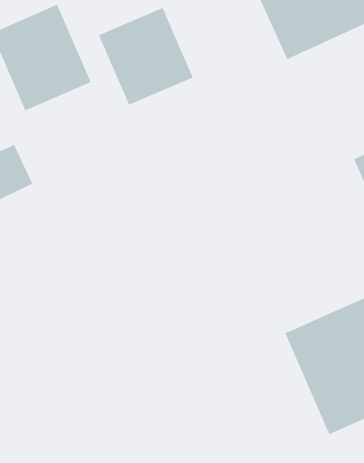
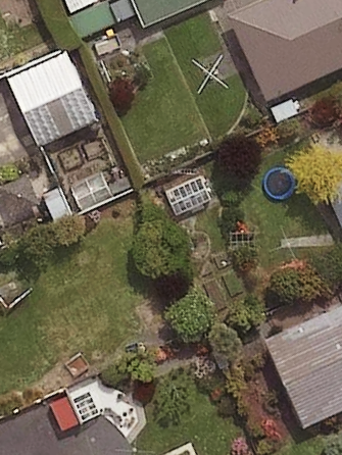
building: [98,7,193,105] -> none

